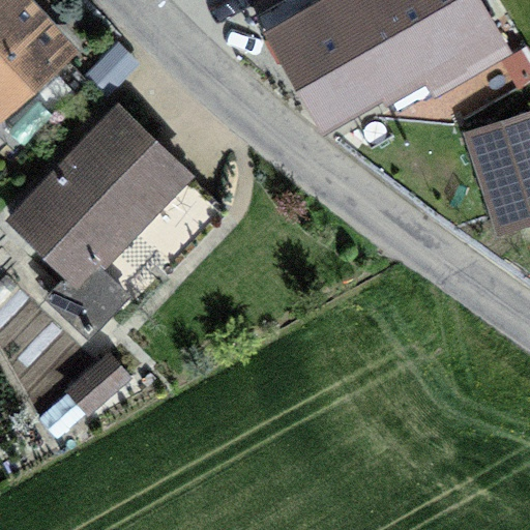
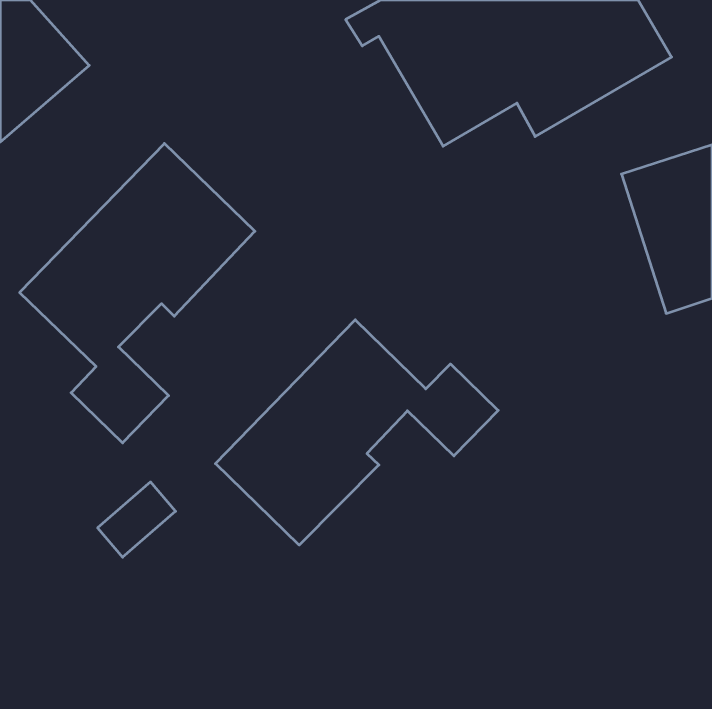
building: none -> [215,320,498,545]

